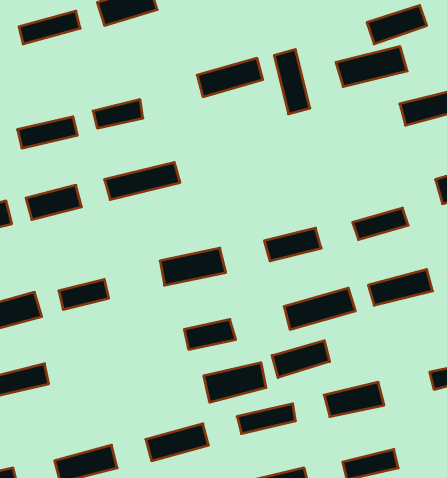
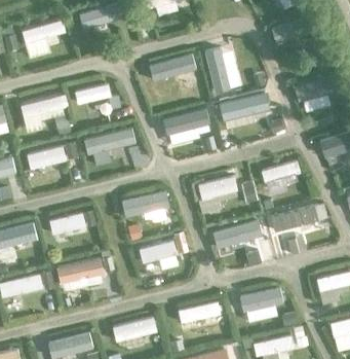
building: [336,47,407,87] -> [219,92,270,120]
building: none -> [163,108,210,136]
building: [272,341,330,378] -> none
building: none -> [55,258,103,283]
building: [204,363,266,402] -> none

